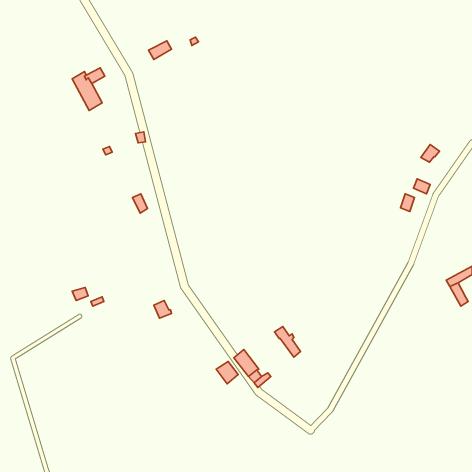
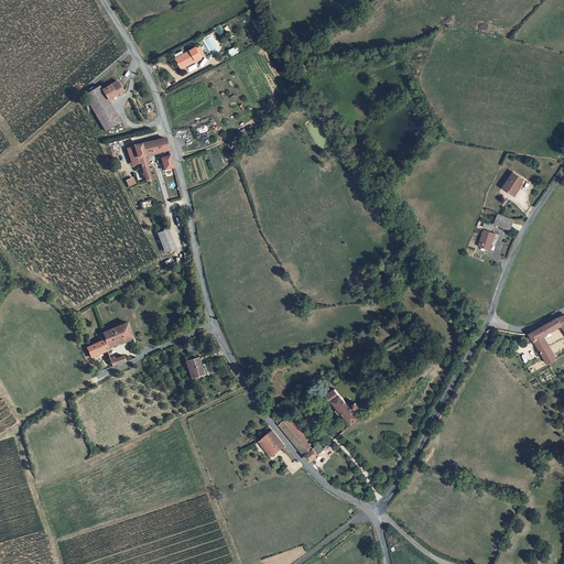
building: none -> [134,139,169,181]
building: none -> [100,322,130,348]

